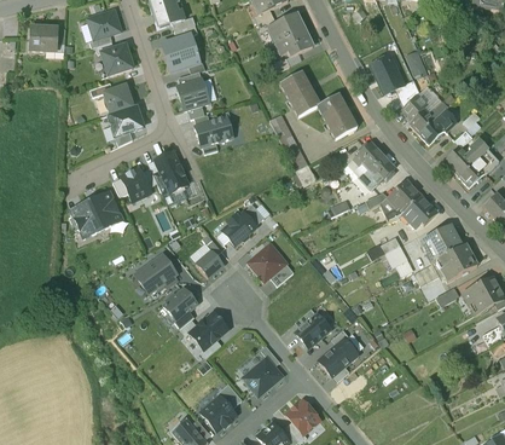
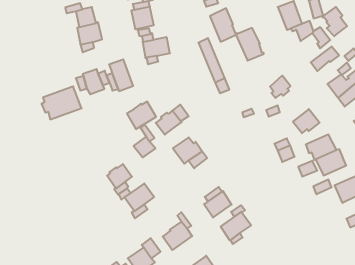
building: [401,94,435,133] -> [322,7,347,36]
building: [353,141,383,175] -> none
building: [385,179,422,220] -> none
building: [138,254,176,291] -> [127,102,156,129]

